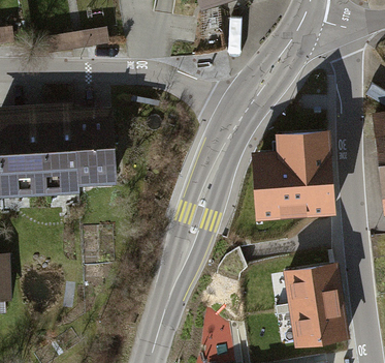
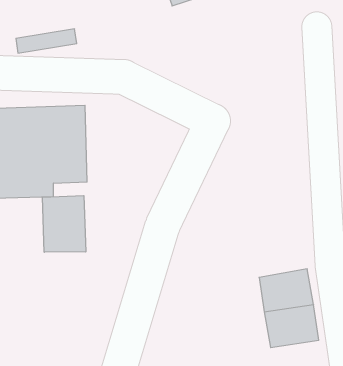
building: [253,133,329,214] -> none
building: none -> [43,196,86,252]

